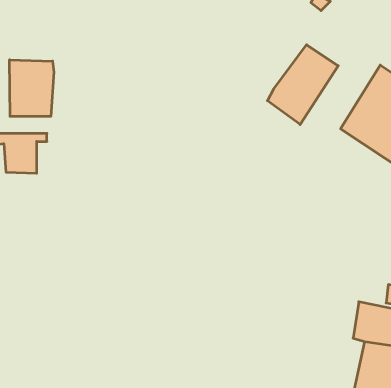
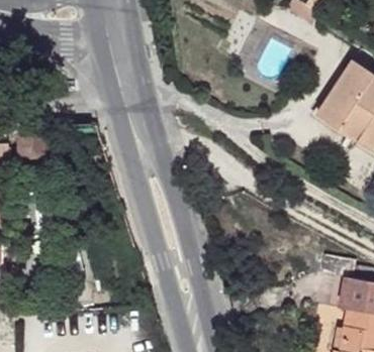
building: [267,45,338,125] -> none
building: [10,60,54,116] -> none

